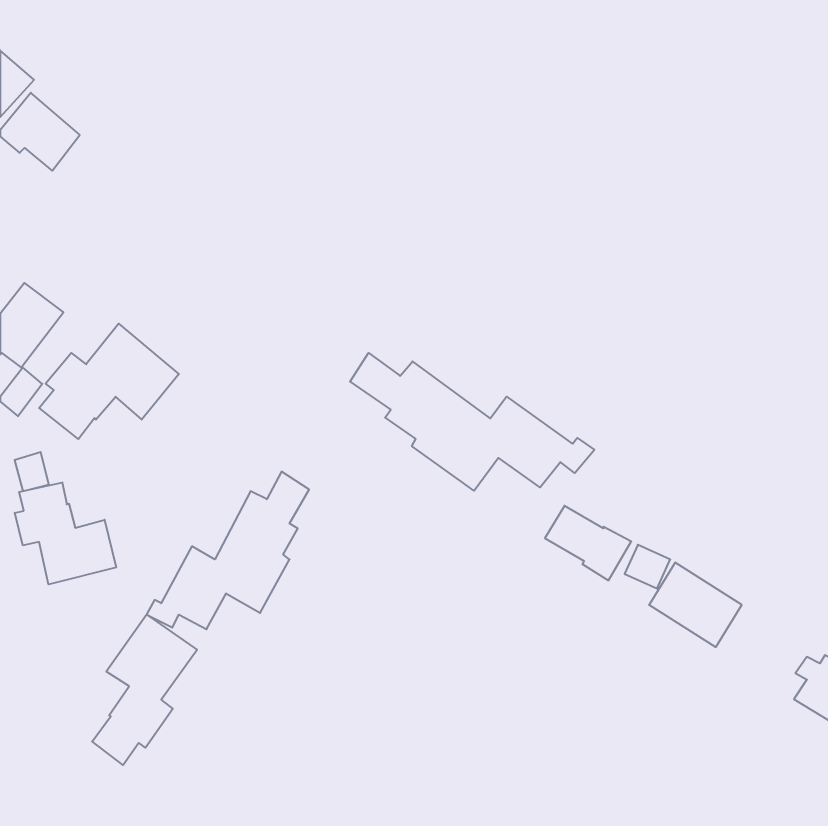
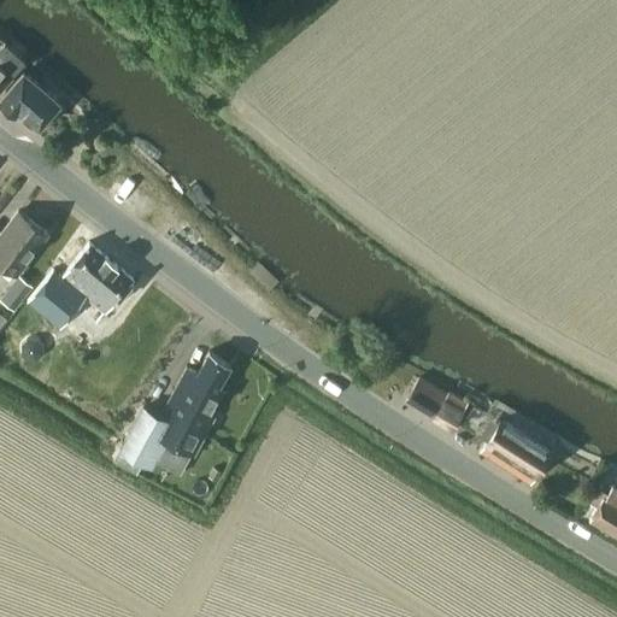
building: [350,353,594,491] -> none
building: [15,482,116,584] -> none
building: [92,615,197,765] -> none

